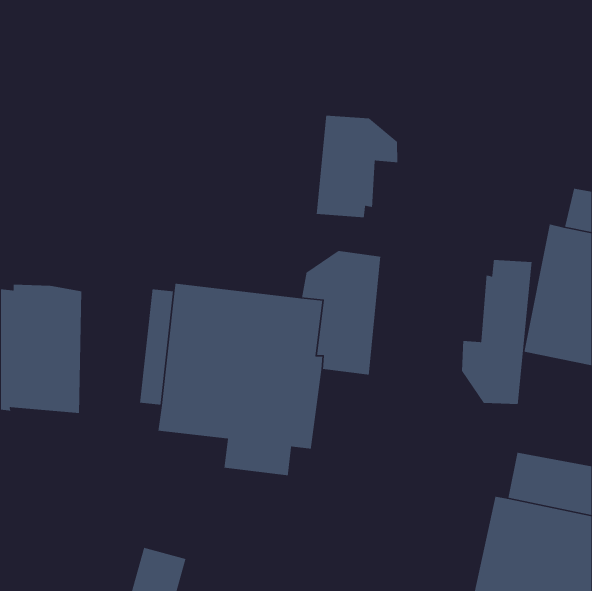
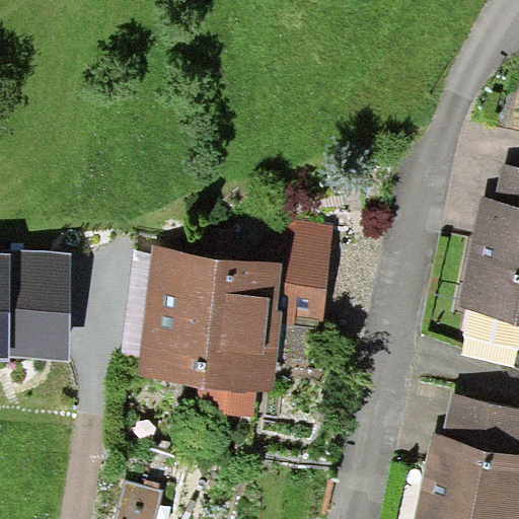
building: [316,115,398,218] -> none
building: [461,259,532,405] -> none

